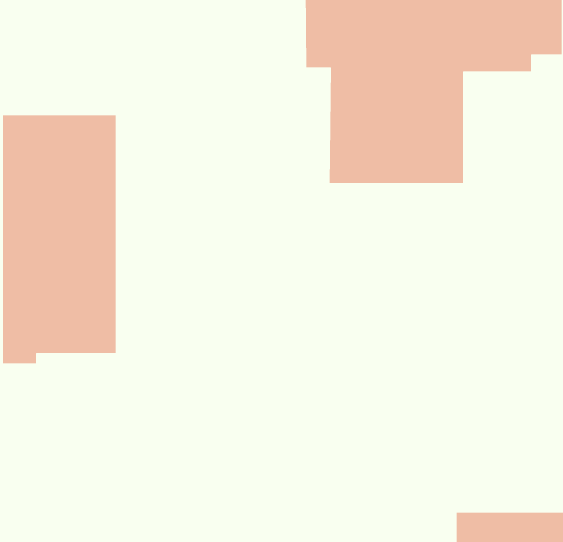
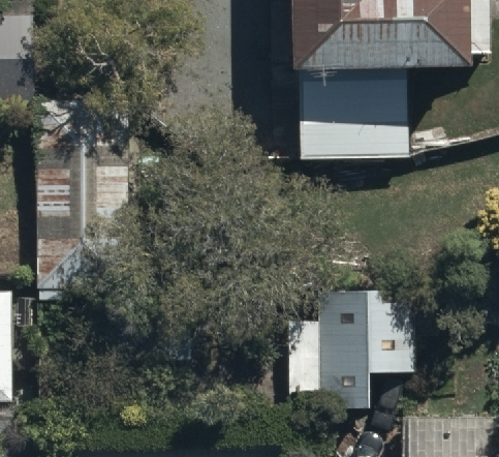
building: none -> [286,286,413,407]

